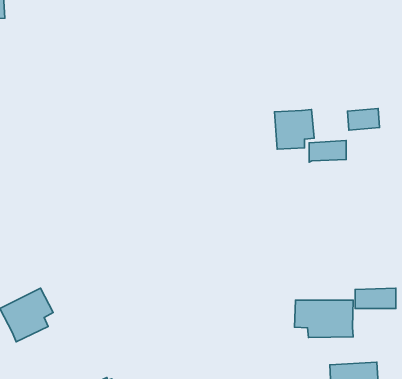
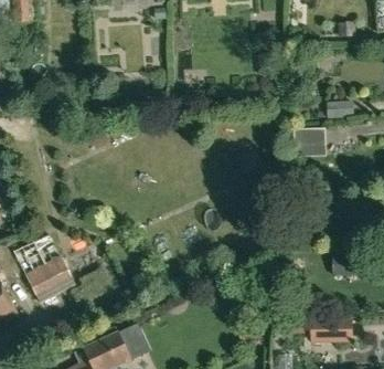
building: [275,109,314,149] -> none
building: [295,300,353,337] -> none

